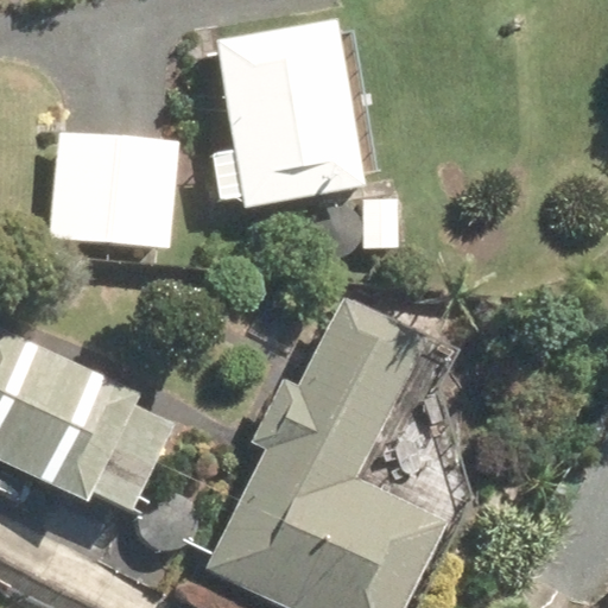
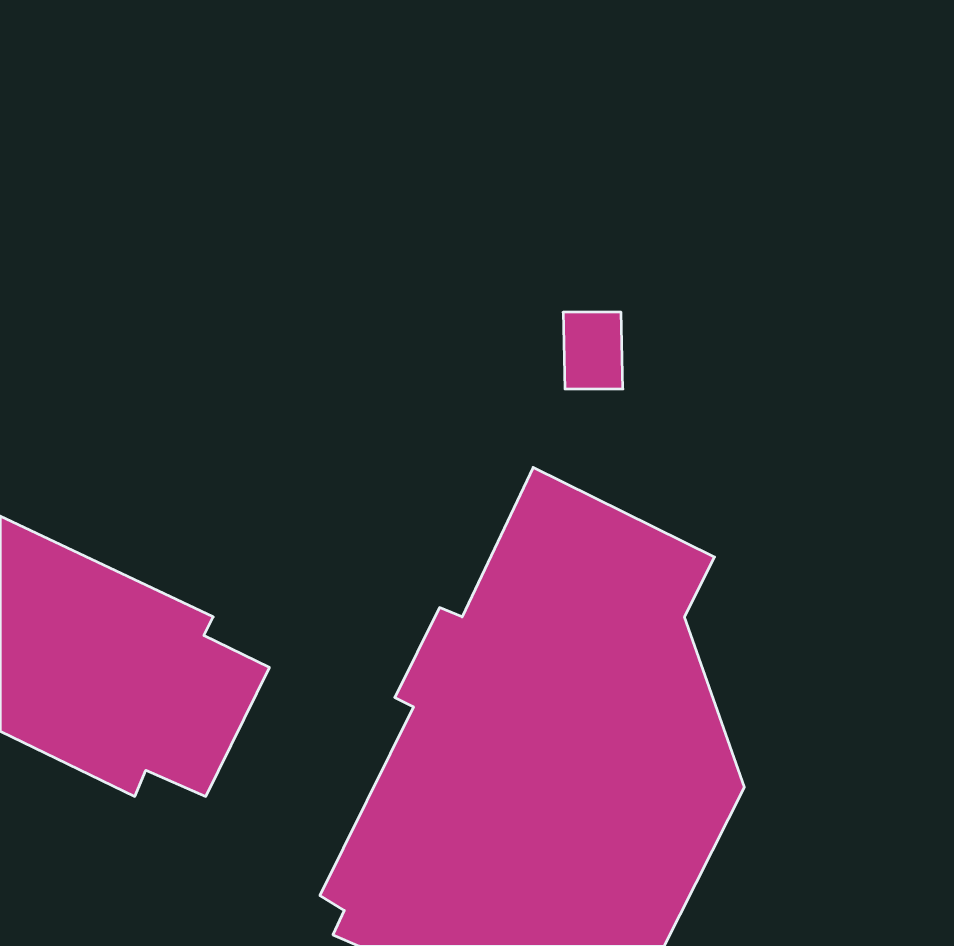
building: [215,20,361,208] -> none
building: [48,132,178,247] -> none

